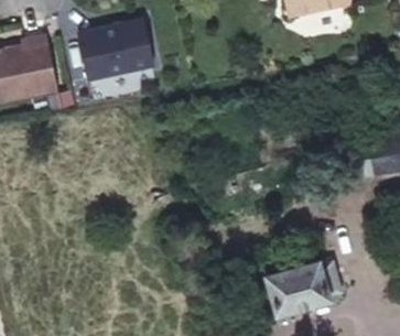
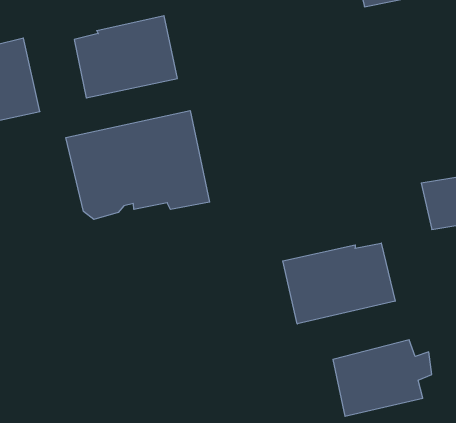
building: none -> [66,111,210,219]
building: none -> [283,243,395,324]

